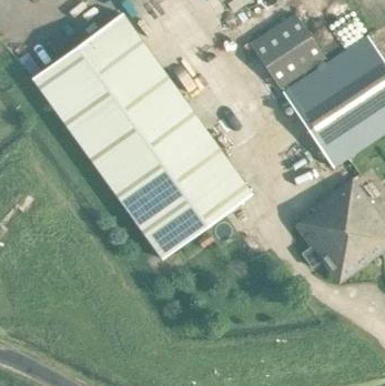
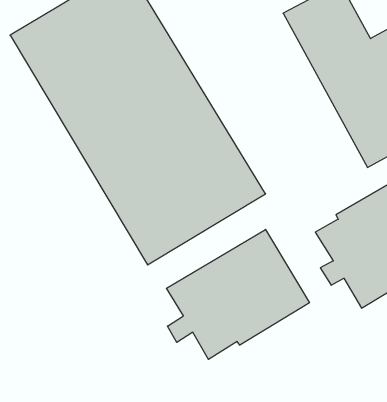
building: none -> [166,229,309,359]

